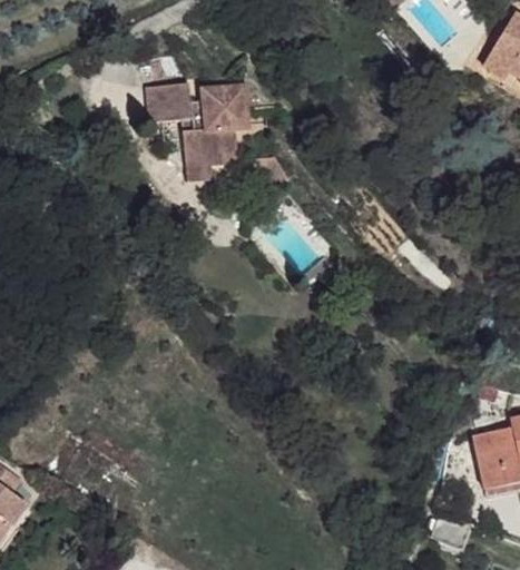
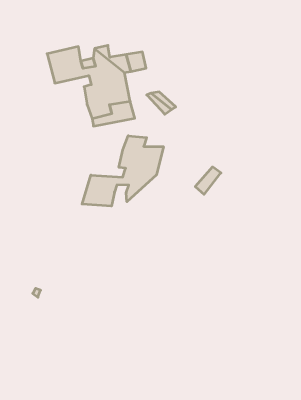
building: none -> [82,136,163,206]

